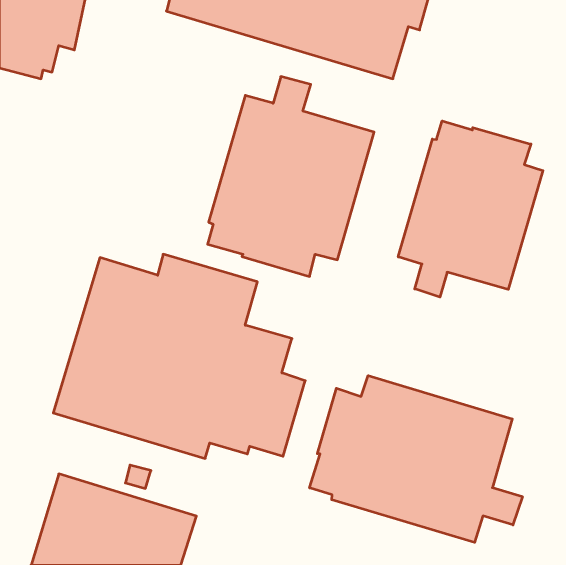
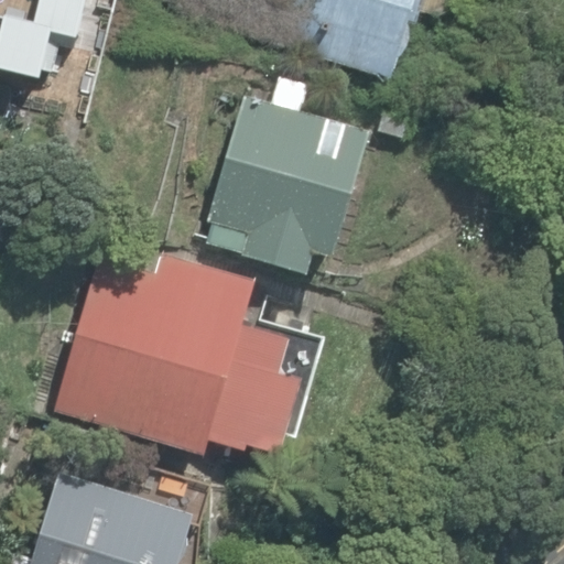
building: [398,121,543,297] -> none
building: [310,376,522,542] -> none

